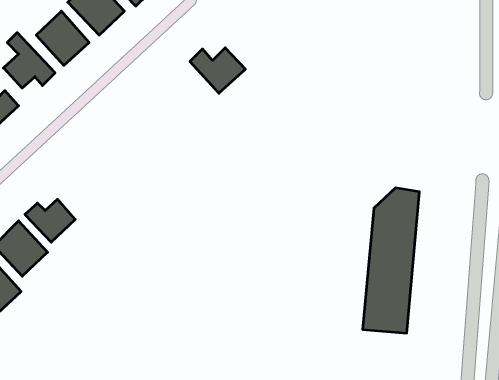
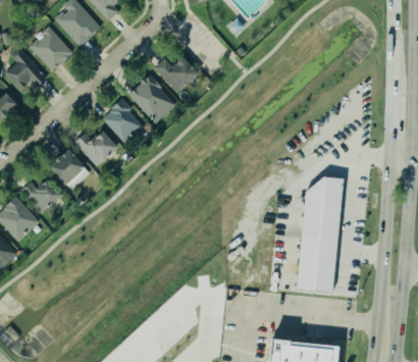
building: none -> [128,75,177,124]
building: none -> [102,101,145,144]
building: none -> [75,131,118,167]
building: none -> [50,149,91,190]

